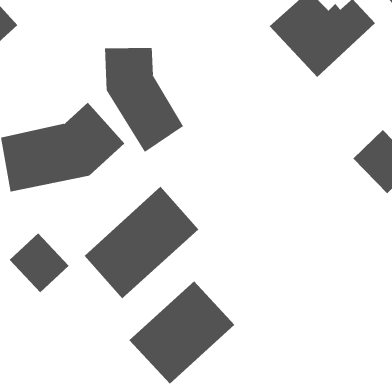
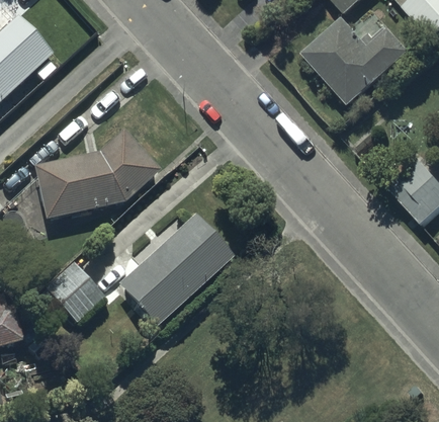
building: [104,47,184,153] -> none
building: [129,281,235,385] -> none

